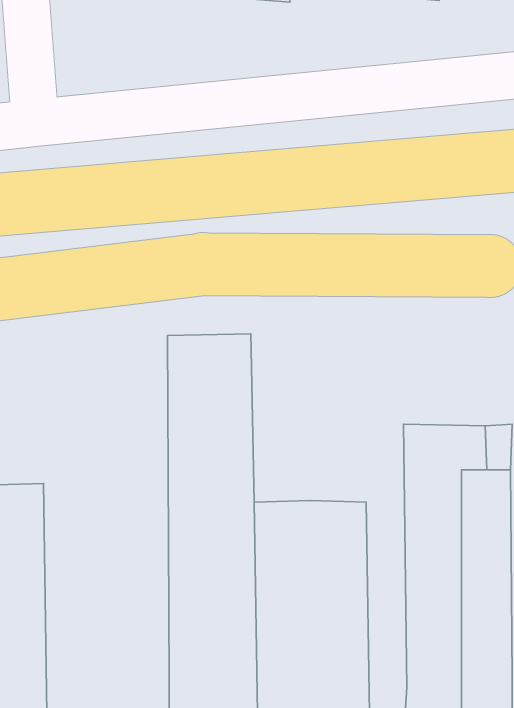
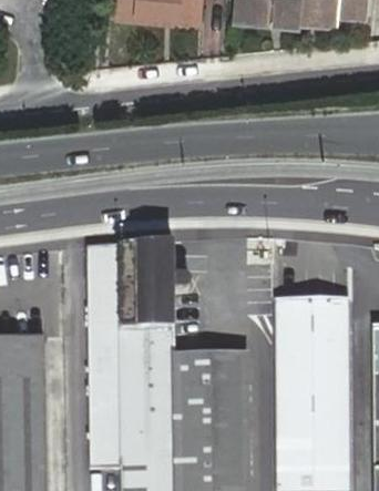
building: none -> [89,244,124,469]

